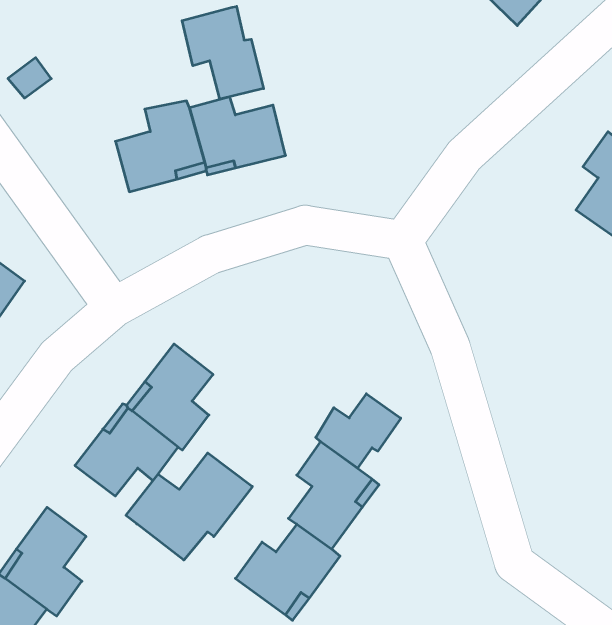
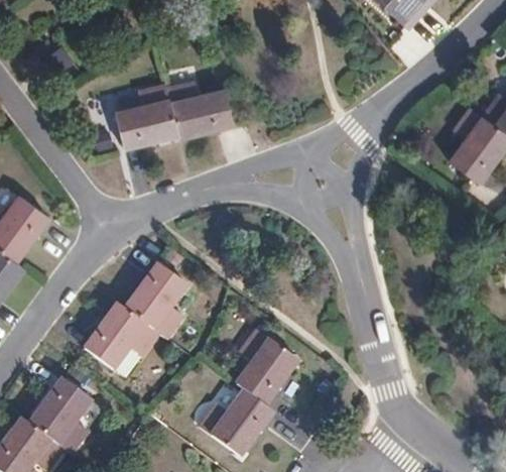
building: [182,6,264,99] -> none
building: [316,394,401,468] -> none
building: [126,453,252,560] -> none

